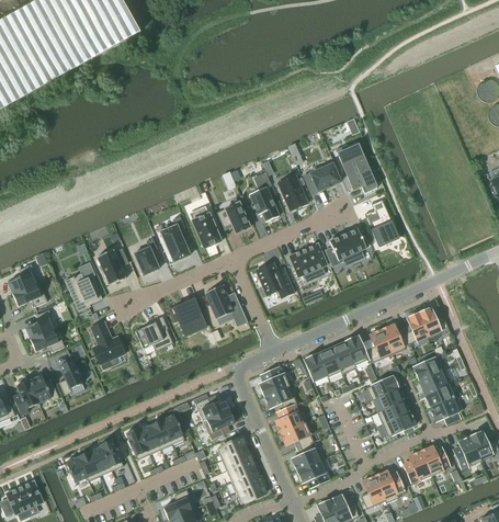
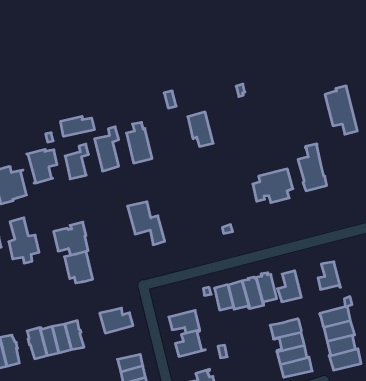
building: [338,144,376,192] -> [325,86,357,134]
building: [309,162,340,191] -> none
building: [277,174,307,209] -> none
building: [216,202,249,232] -> none
building: none -> [61,116,94,136]
building: [287,242,327,281] -> none
building: [256,261,294,296] -> none
building: [173,298,205,331] -> [64,252,93,283]
building: [418,307,446,337] -> none
building: [381,324,409,353] -> none
building: [259,365,288,395] -> none
building: [203,409,235,440] -> none
building: [280,421,313,446] -> none

